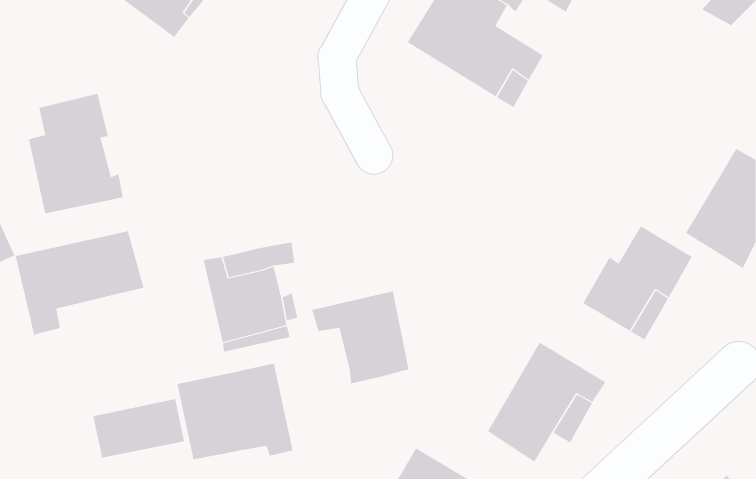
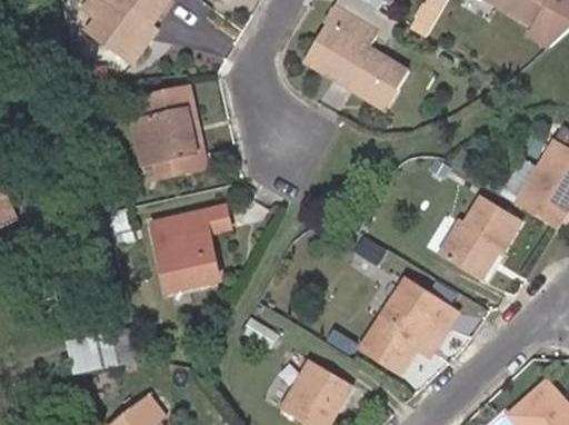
building: [28,93,123,214] -> [132,86,203,176]
building: [15,230,144,335] -> none
building: [311,291,409,384] -> none
building: [177,363,293,460] -> none

